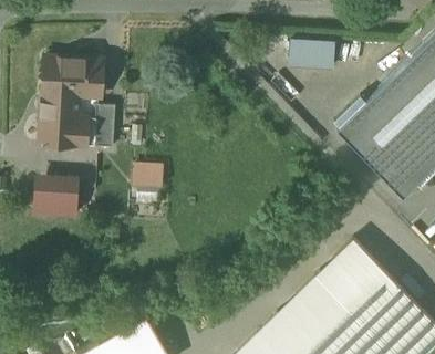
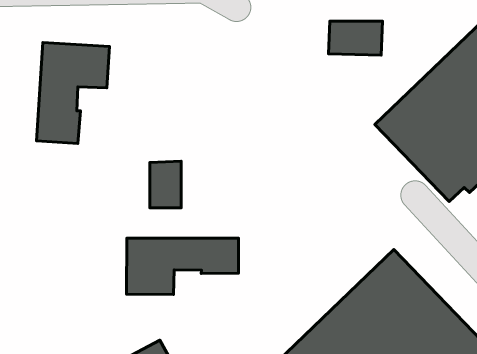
building: [75,105,115,148] -> none
building: [34,175,76,216] -> none
building: none -> [126,238,239,294]

